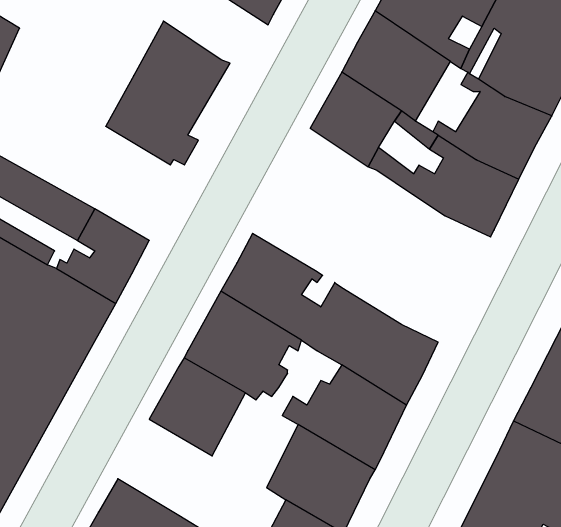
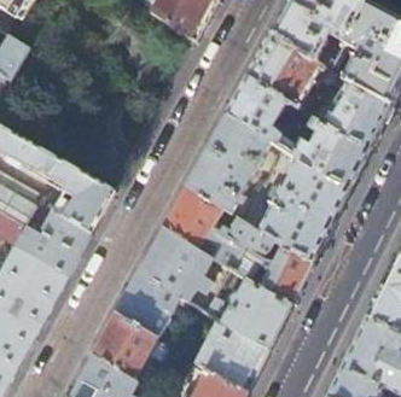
building: [106,21,230,165] -> [185,115,271,214]
building: none -> [246,160,349,262]
building: none -> [92,315,157,381]

